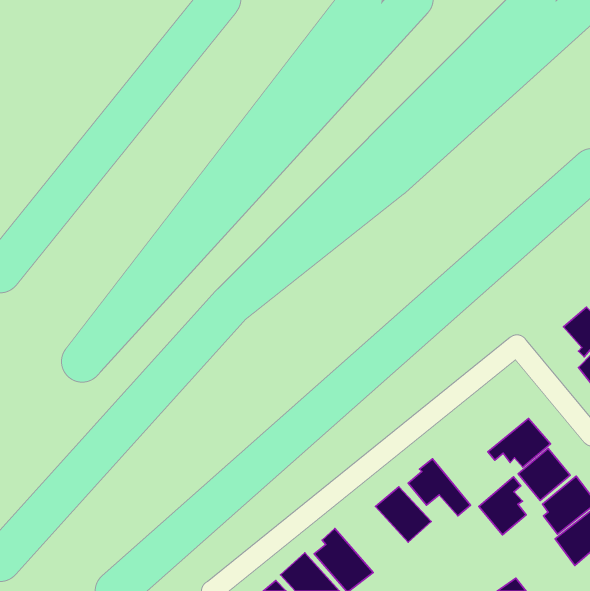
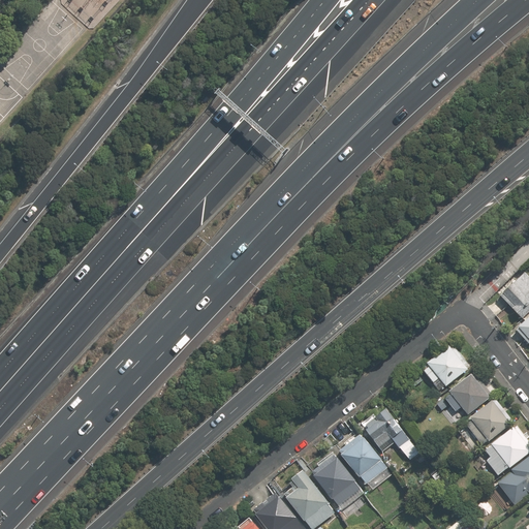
building: none -> [423,344,471,392]
building: [479,477,526,535] -> none
building: none -> [311,455,366,509]

